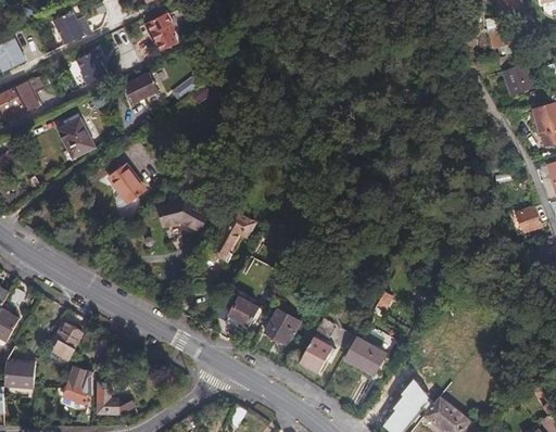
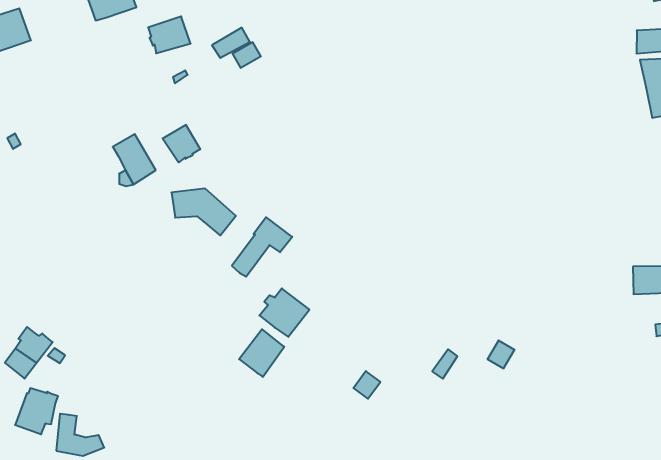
building: [56,117,94,158] -> none
building: none -> [163,125,200,162]
building: [263,309,300,345] -> [259,288,309,337]
building: [299,336,332,373] -> none
building: [344,338,384,374] -> none

